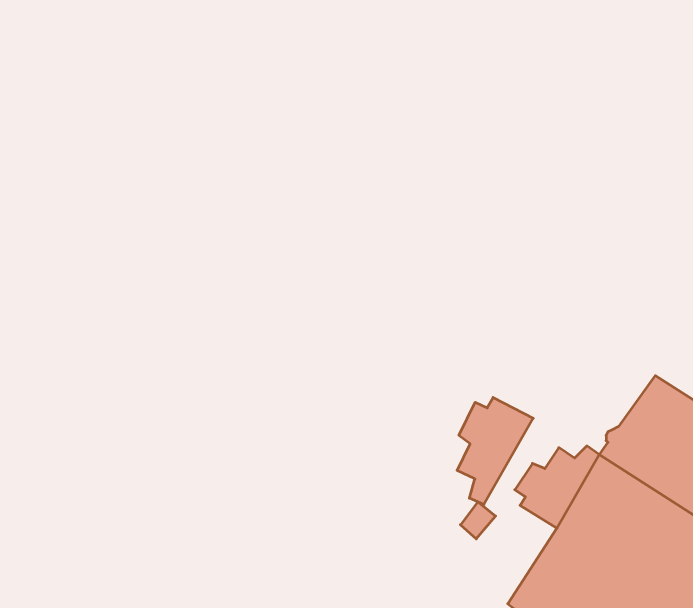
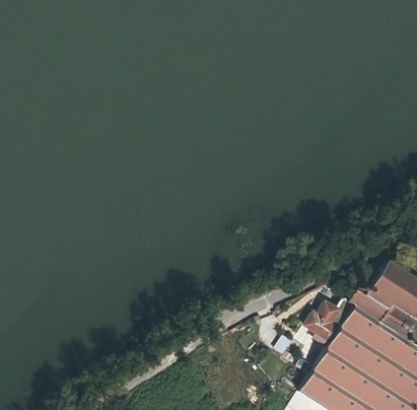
building: [457,397,533,505] -> none

